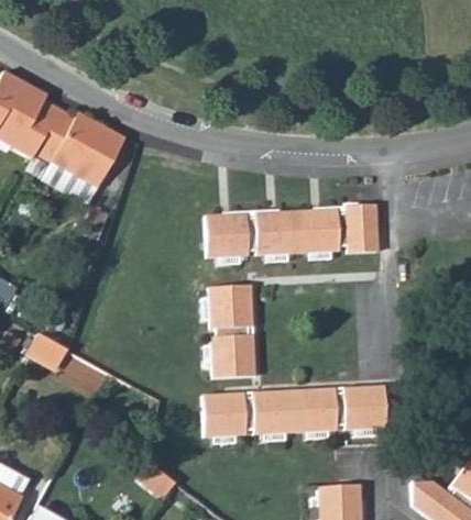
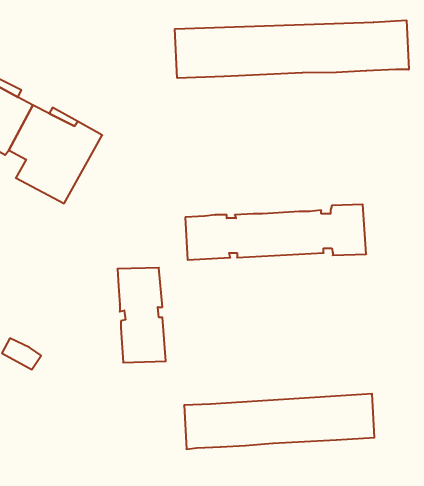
building: none -> [175,20,409,78]
building: [209,286,255,376] -> [117,268,166,362]

